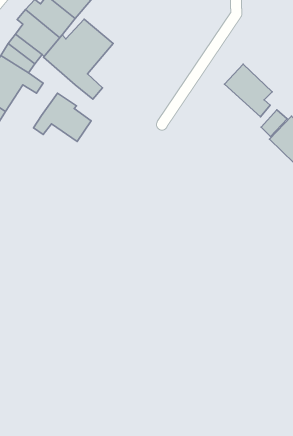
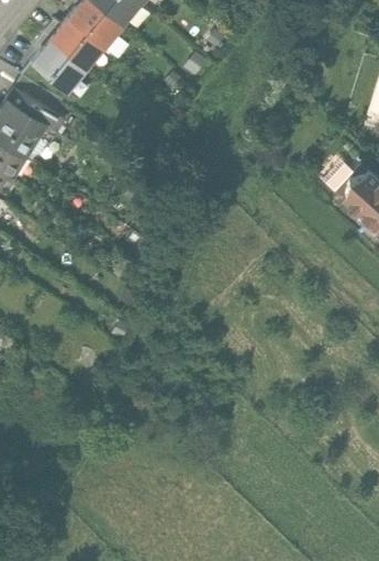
building: [44,19,113,99] -> none
building: [224,64,272,117] -> none
building: [34,93,91,141] -> none

